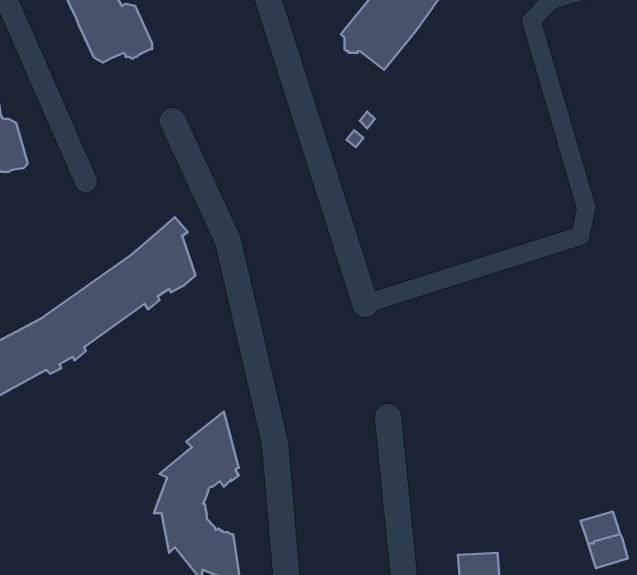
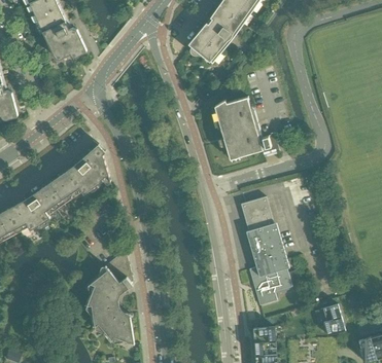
building: none -> [214,97,279,158]
building: none -> [240,196,291,305]

